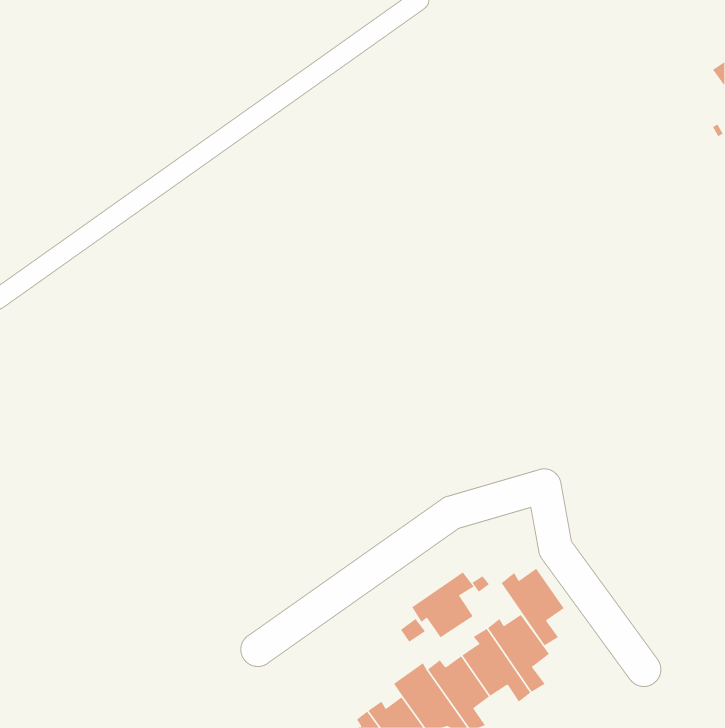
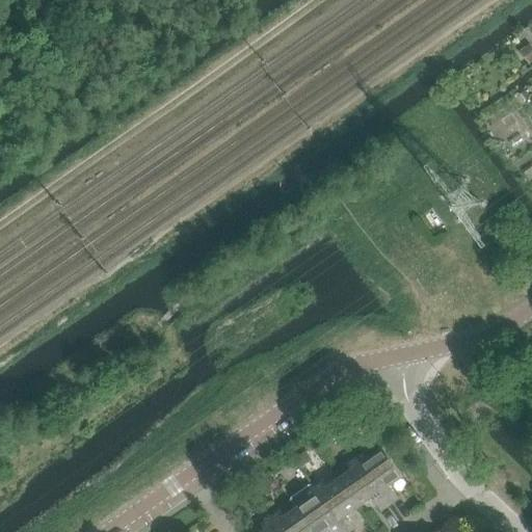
building: [501,568,564,646] -> none
building: [412,571,474,638] -> none

